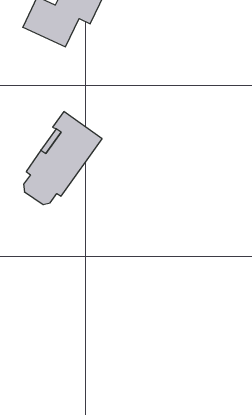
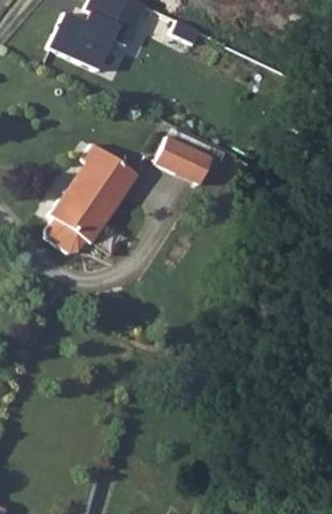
building: none -> [159,141,219,191]

